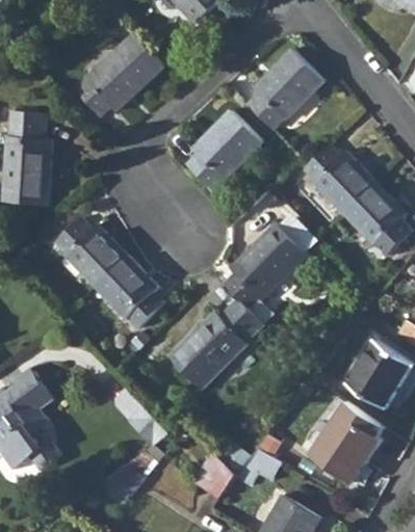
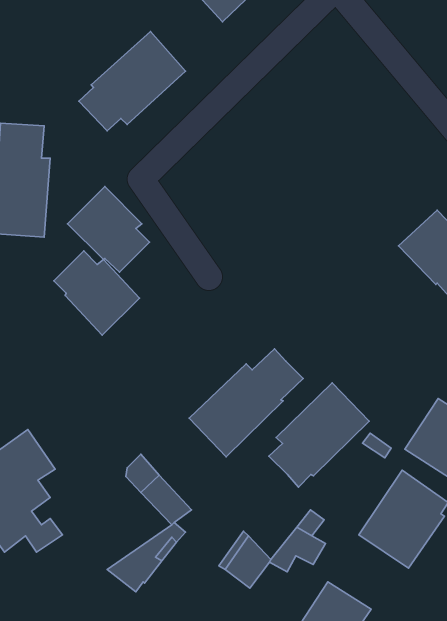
building: [248,49,323,130] -> none
building: [186,110,263,190] -> none
building: [304,144,375,213] -> none
building: [224,222,308,310] -> [269,383,369,487]
building: [95,257,163,328] -> [68,187,149,272]

